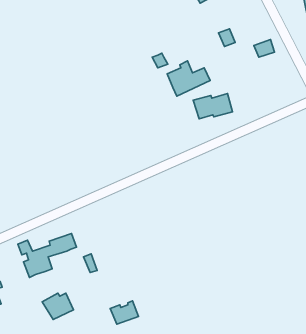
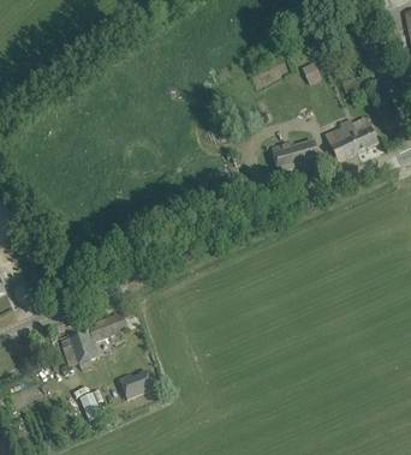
building: [167,61,210,96] -> [324,118,377,161]
building: [110,301,139,324] -> [118,369,153,397]

